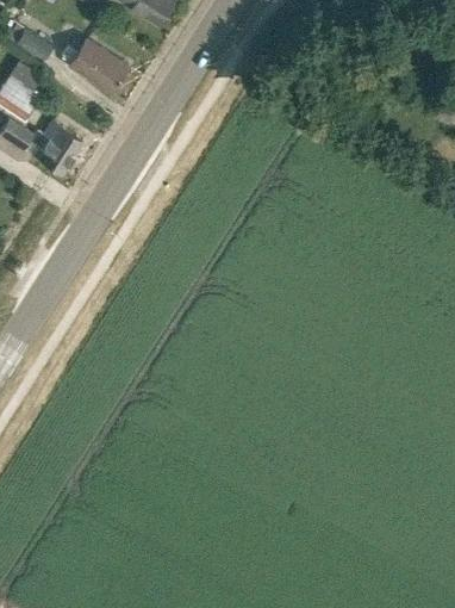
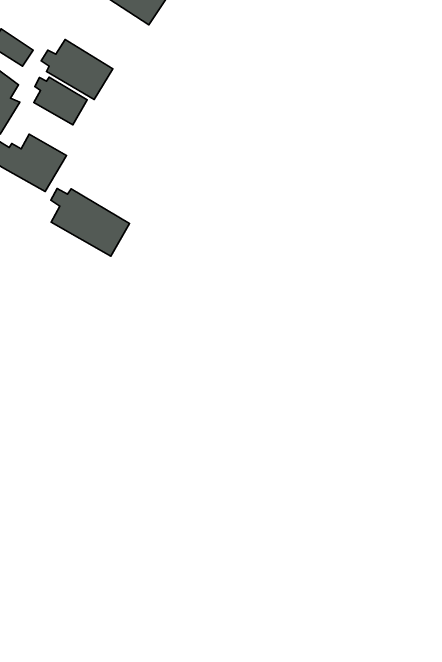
building: none -> [34,77,87,125]
building: none -> [51,189,130,256]

